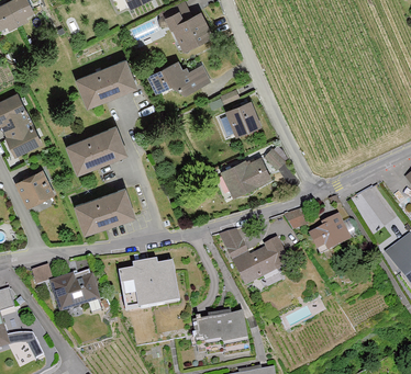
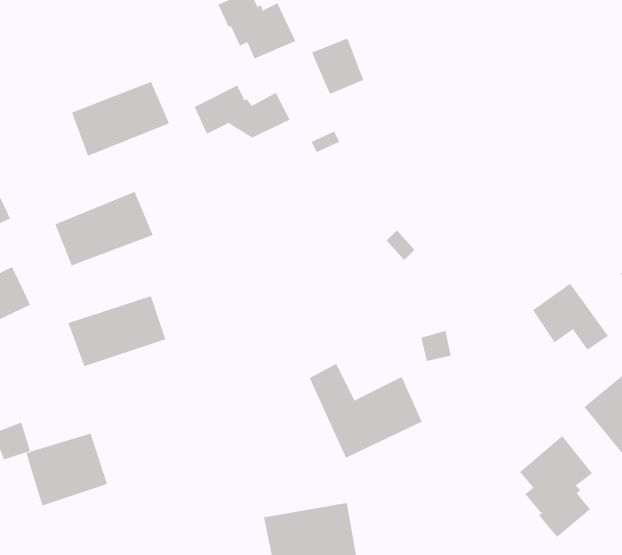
building: [226,99,258,133] -> [311,38,364,95]
building: [222,157,270,195] -> none
building: [307,214,351,257] -> none
building: [116,260,178,308] -> none
building: none -> [519,435,593,538]

